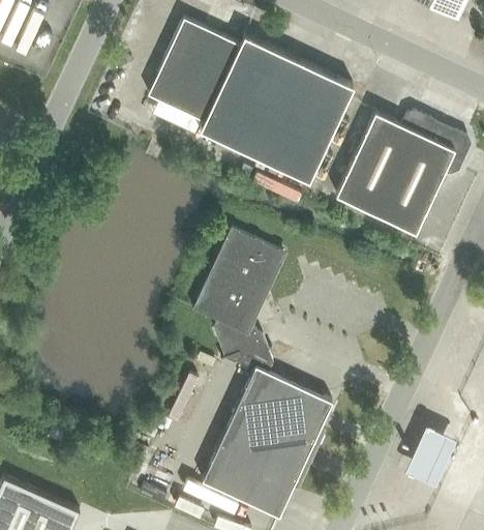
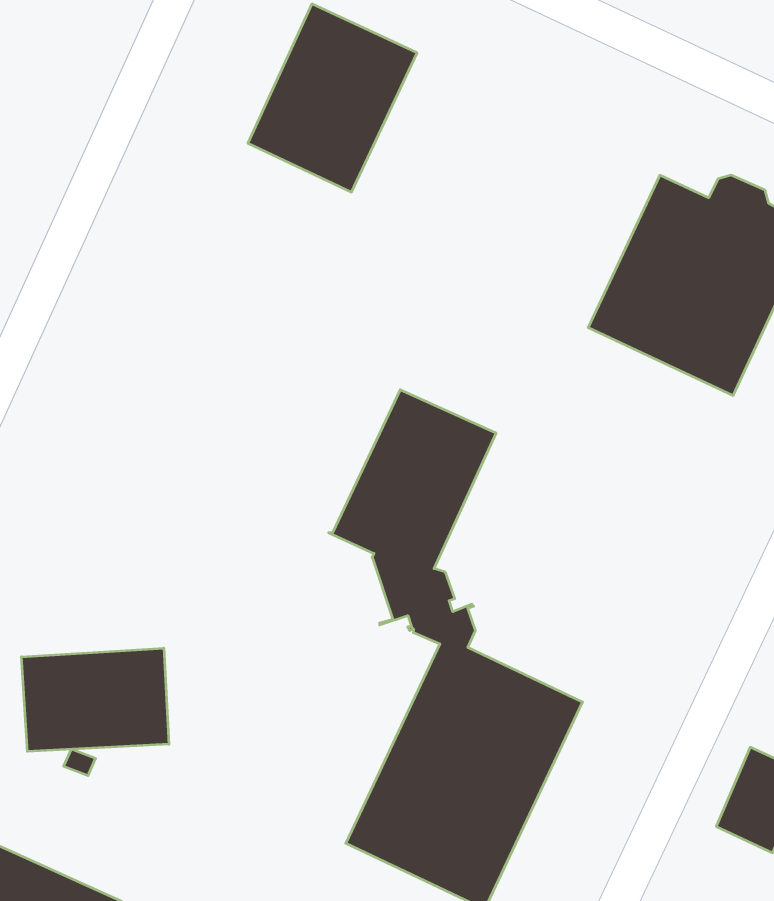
building: [200,38,353,183] -> none
building: none -> [21,648,169,751]

